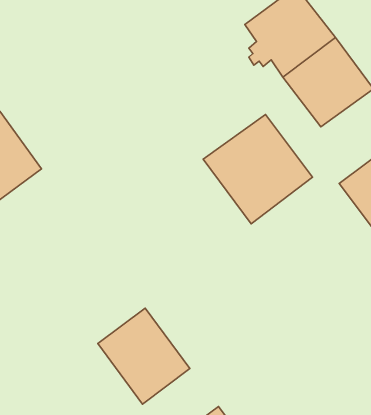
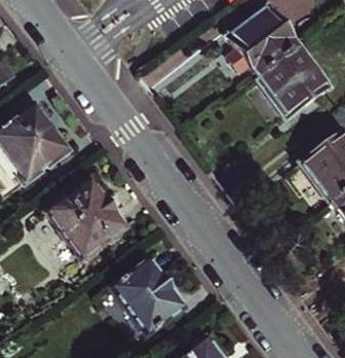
building: [203,114,312,224] -> none
building: none -> [47,179,125,258]

